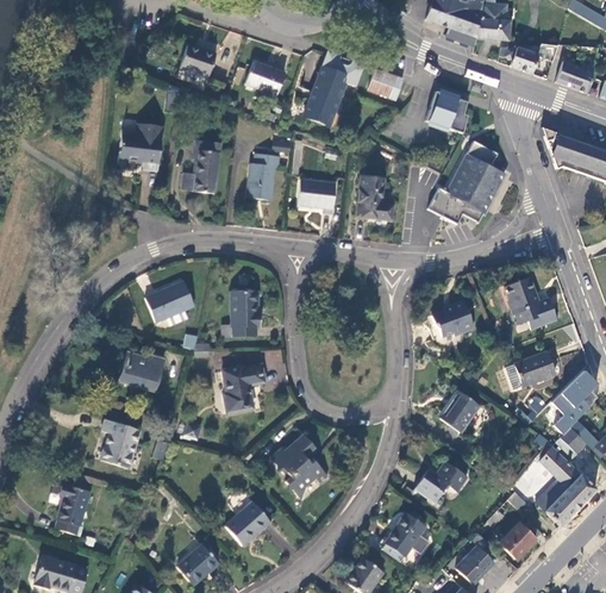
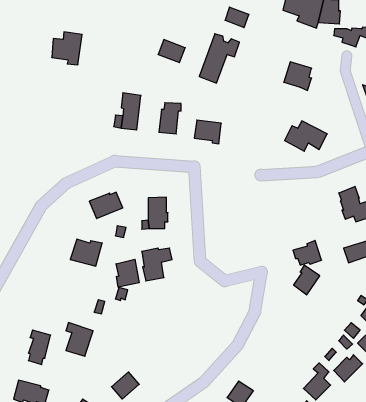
building: [180,44,215,77] -> none
building: [369,69,404,99] -> [225,7,249,28]
building: [119,123,163,170] -> [52,32,82,65]
building: [454,141,504,199] -> none
building: [357,175,394,220] -> none
building: [432,299,474,335] -> [293,240,322,265]
building: none -> [116,259,139,287]
building: [101,419,140,468] -> [66,323,93,356]
building: [269,433,329,493] -> none
building: [416,461,468,503] -> none
building: [226,501,270,545] -> none
building: [385,512,425,556] -> none

